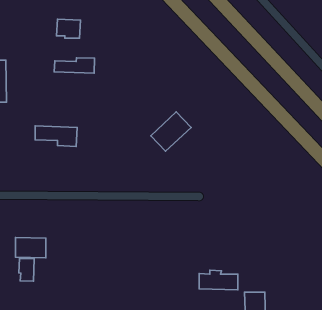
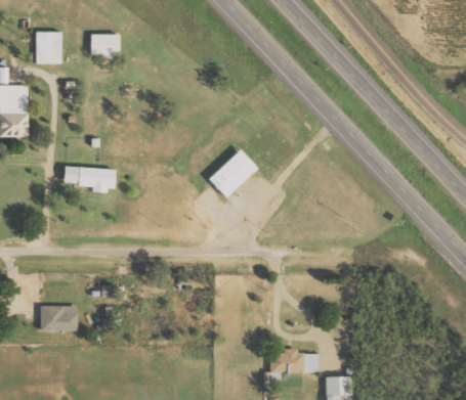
building: none -> [36,32,62,64]
building: [54,58,94,73] -> none
building: [19,259,34,281] -> none

